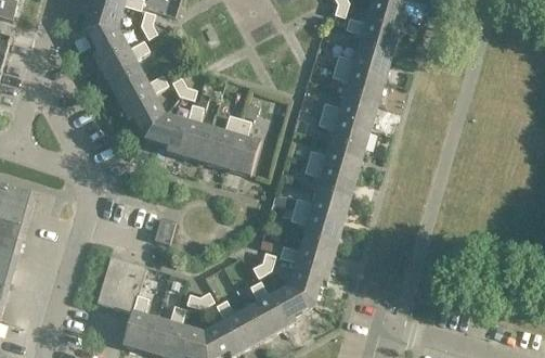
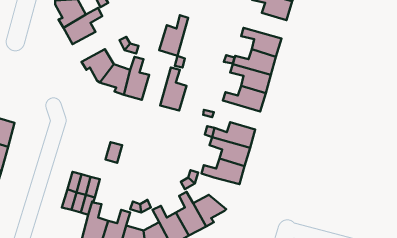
building: [334,47,390,80] -> none
building: [109,72,167,111] -> none
building: [200,115,238,168] -> [159,15,188,56]
building: [303,162,355,200] -> none
building: [288,263,328,304] -> none

